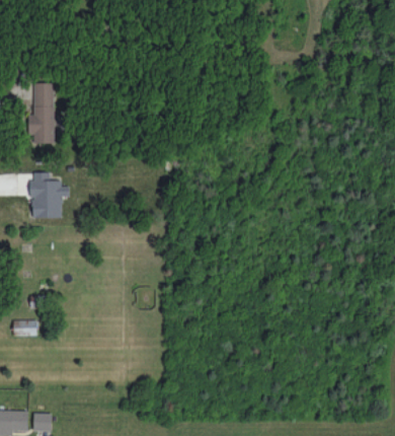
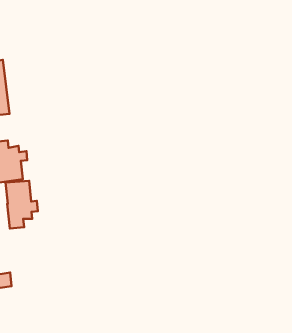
building: none -> [6,181,38,229]

